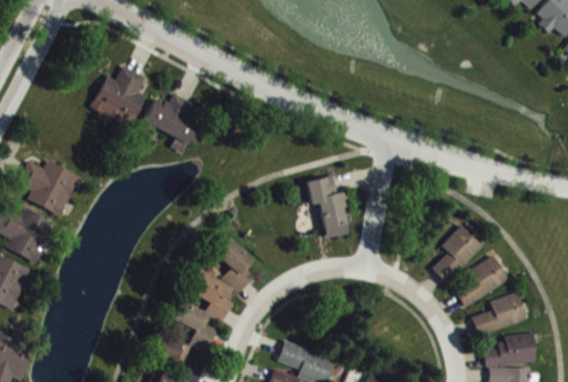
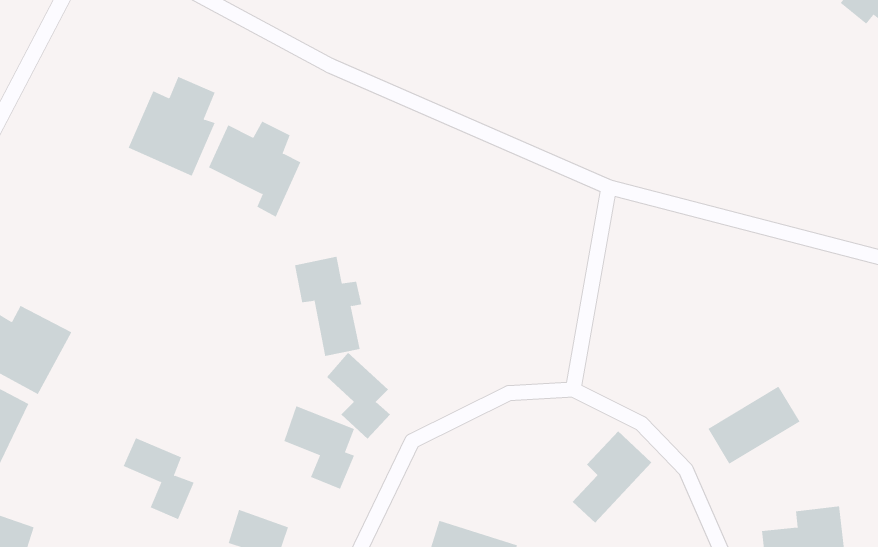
building: [18,160,79,215] -> none
building: [306,175,348,238] -> [294,256,362,356]
building: [432,224,481,282] -> [572,430,652,523]
building: [471,291,526,335] -> none
building: [172,301,216,352] -> [123,438,194,520]

